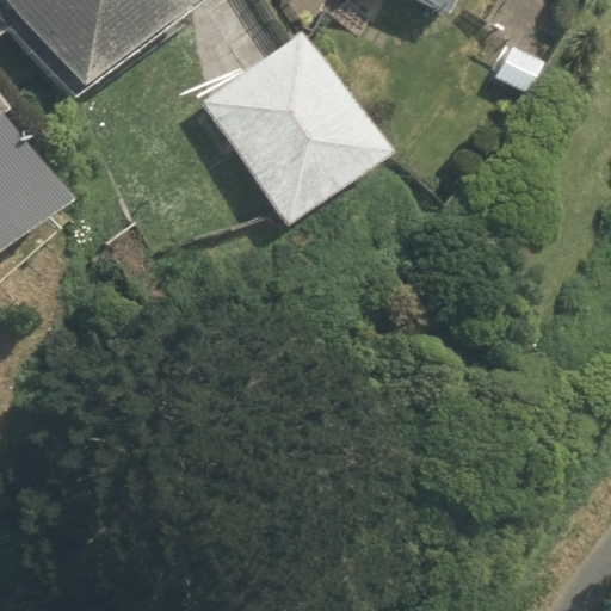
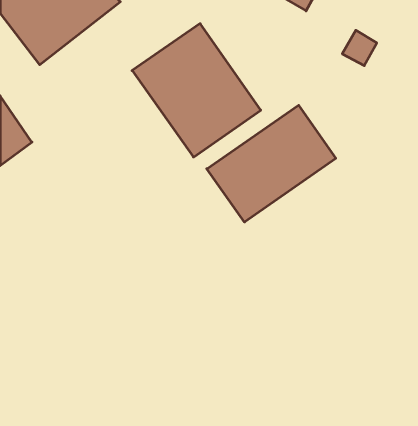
building: none -> [207,105,336,222]

